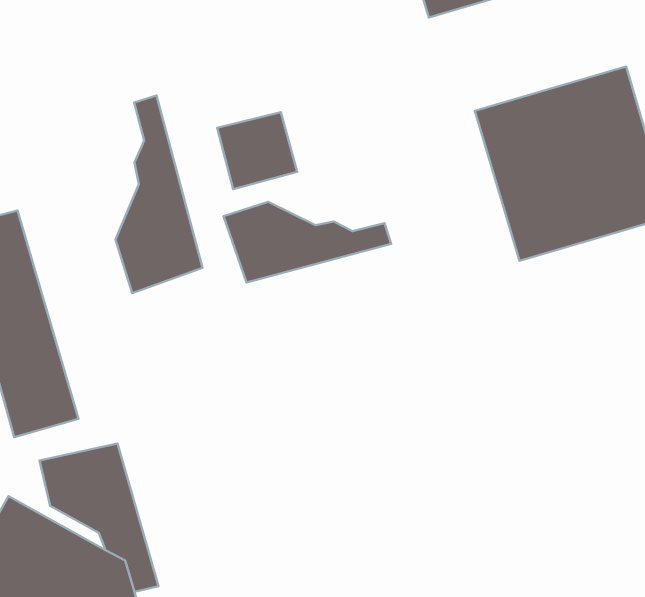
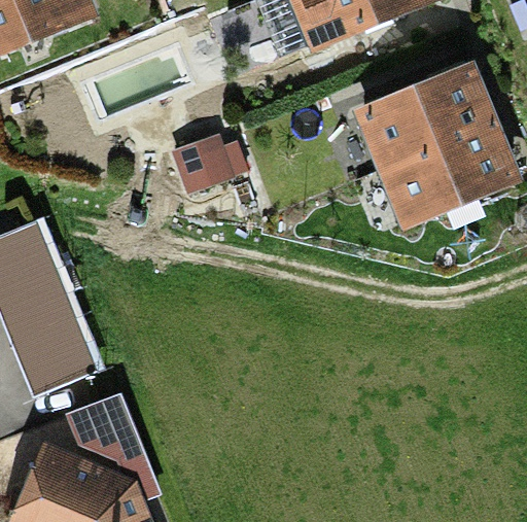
building: [116,95,203,293] -> none
building: [223,202,391,282] -> none

